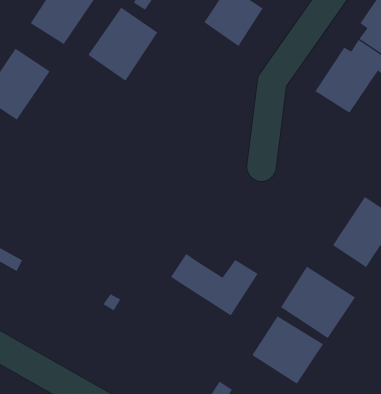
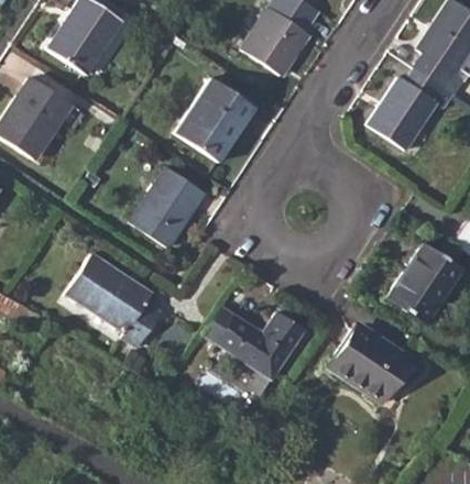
building: [88,7,158,82] -> [175,78,254,162]
building: none -> [129,166,206,249]
building: none -> [66,253,162,348]
building: [252,315,324,384] -> none

